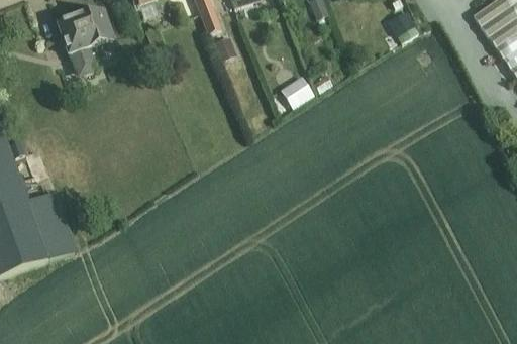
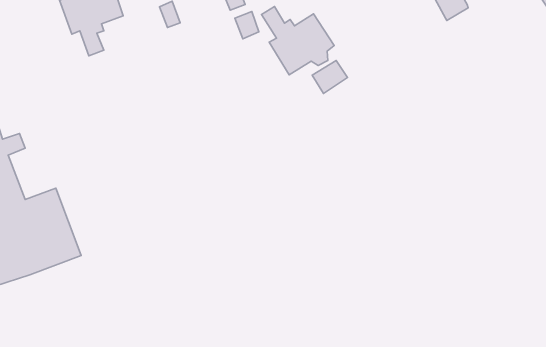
building: none -> [261,7,334,75]

